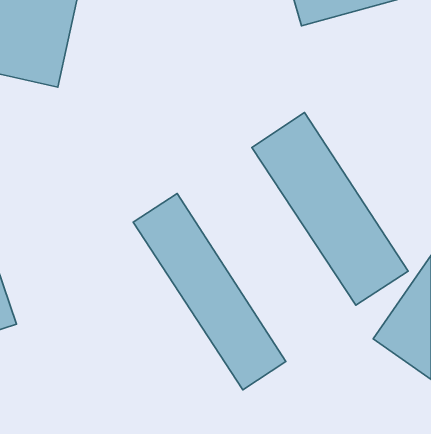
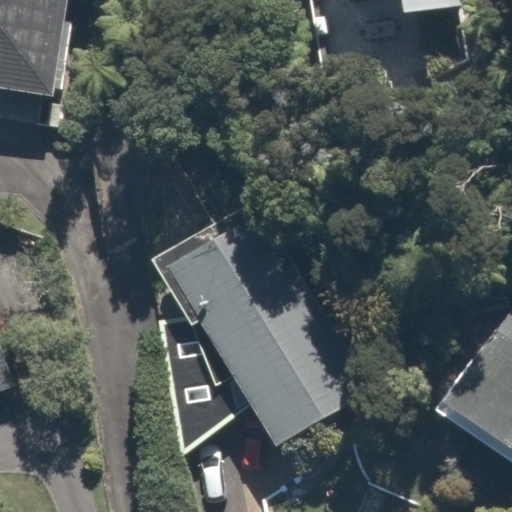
building: [252,113,408,305] -> none

